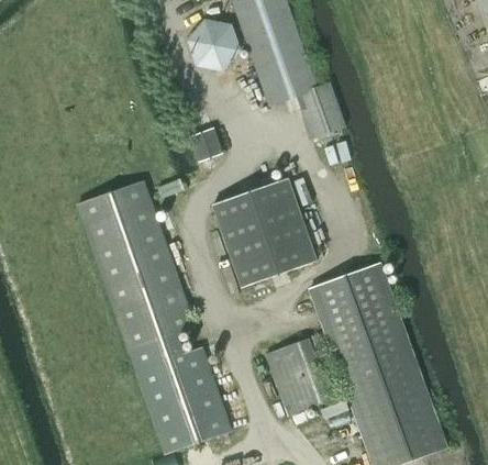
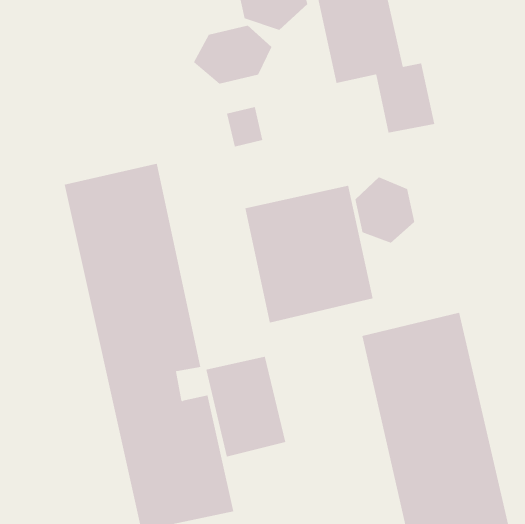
building: none -> [193,25,272,84]
building: none -> [355,176,415,244]
building: [265,337,331,416] -> [206,356,286,457]

